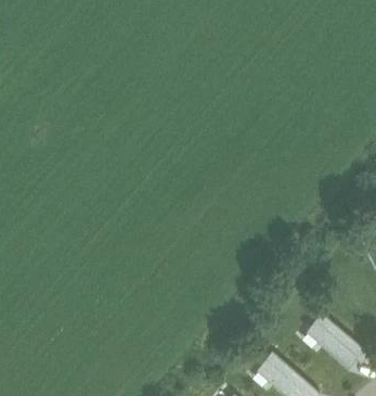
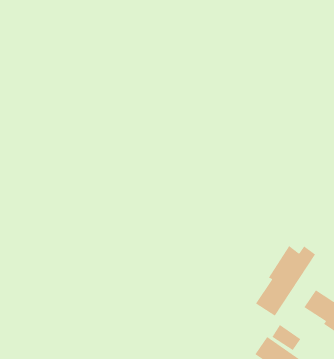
building: none -> [255,245,316,316]

